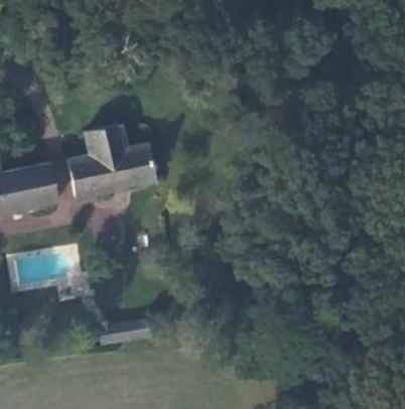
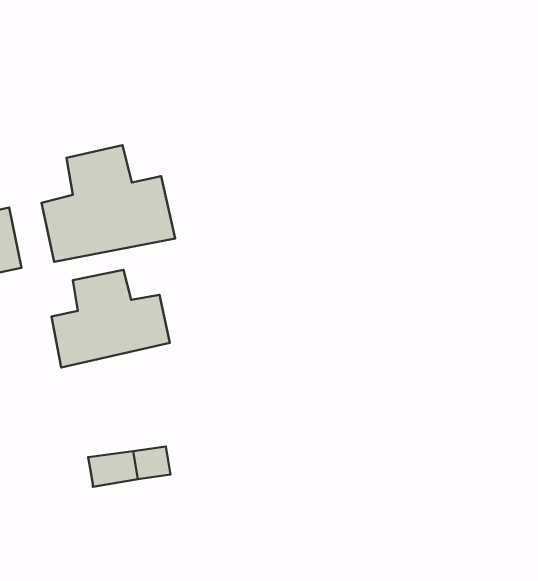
building: none -> [51,270,170,368]

